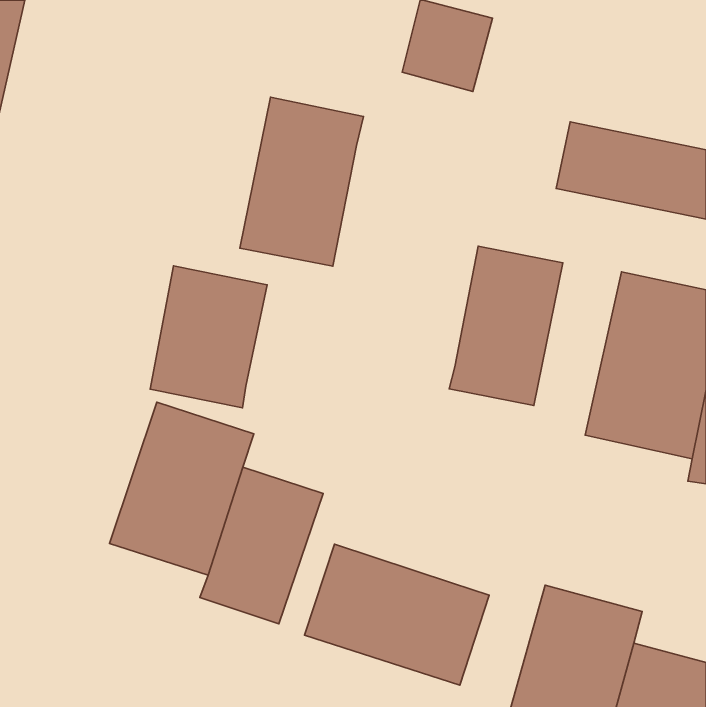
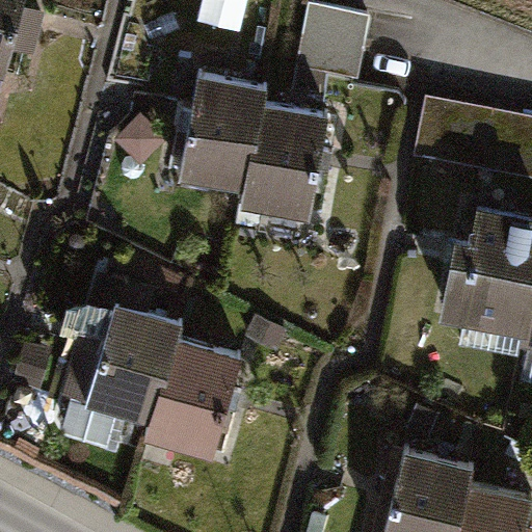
building: [449,246,563,406] -> [245,110,330,230]
building: [150,266,267,408] -> none
building: [304,544,489,685] -> none

